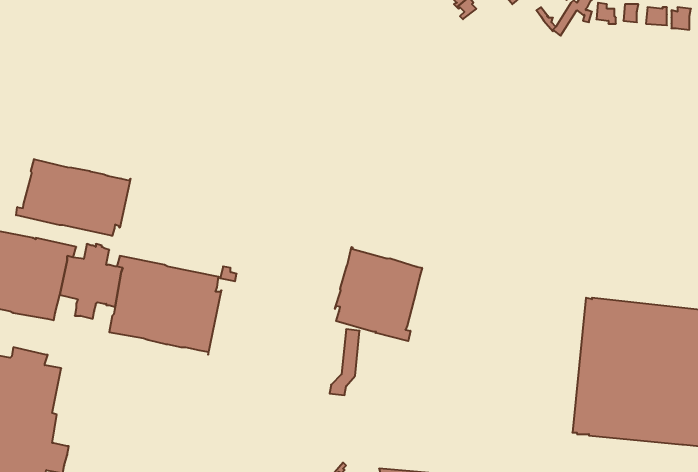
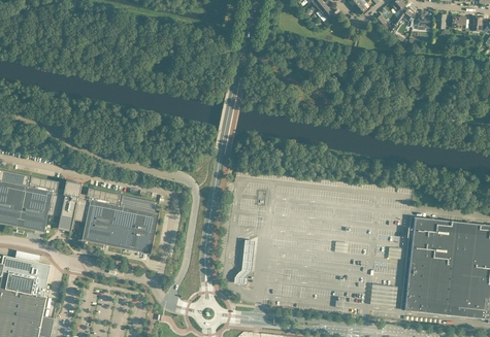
building: [16,159,131,236] -> none
building: [335,247,422,341] -> none

